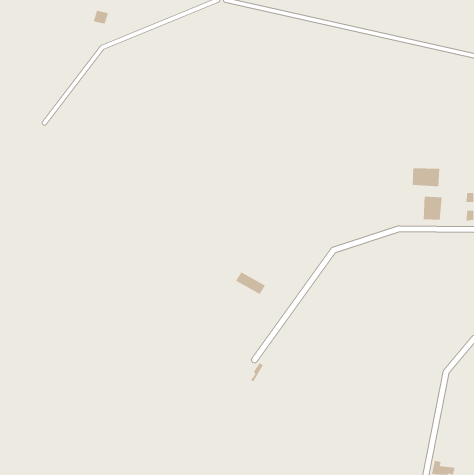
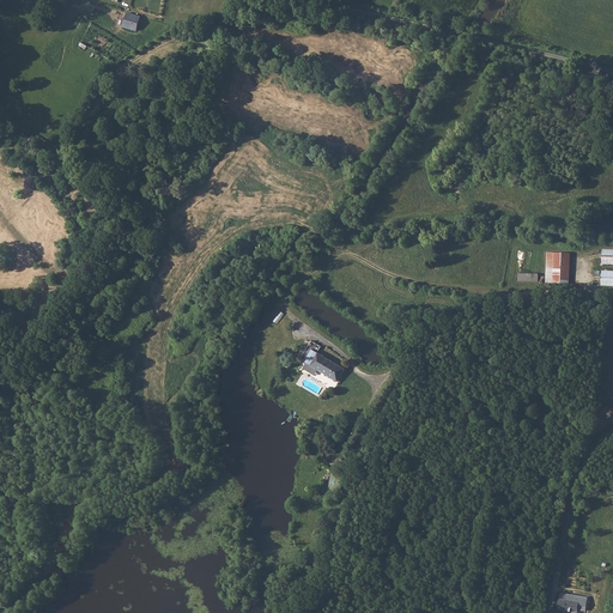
building: [412,168,440,187] -> none

